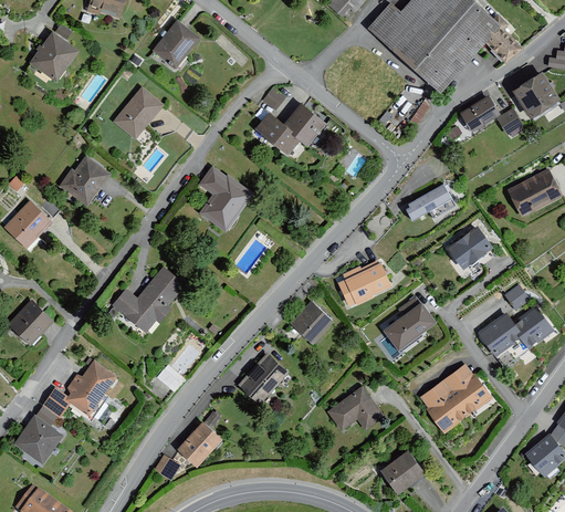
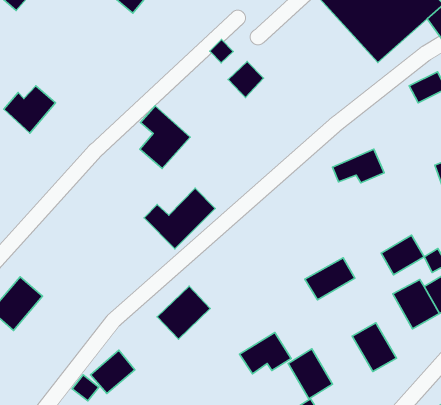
building: [112,83,164,138] -> none
building: [257,116,299,156] -> none
building: [446,228,491,271] -> [381,235,424,275]
building: [338,261,390,306] -> none
building: [111,264,184,330] -> [144,188,215,249]
building: [291,299,332,341] -> none
building: [418,382,467,433] -> [288,349,333,399]

